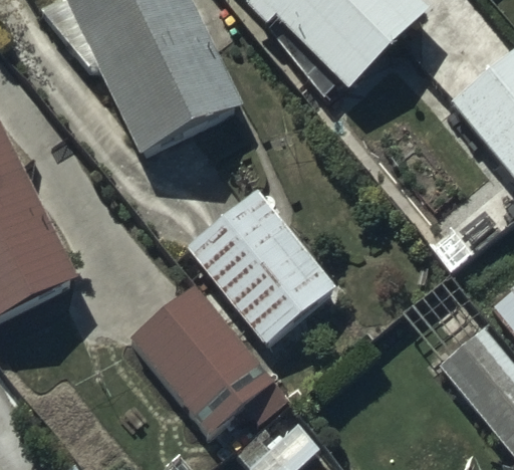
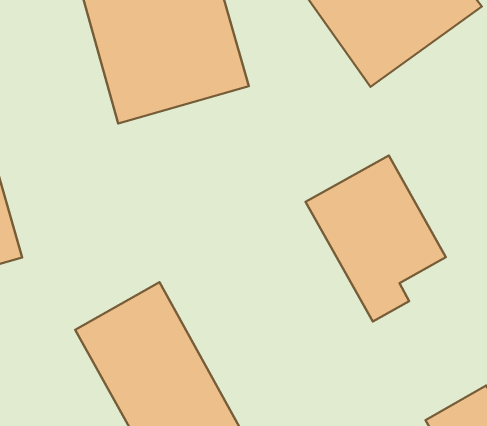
building: none -> [305,155,446,322]
building: [186,189,337,346] -> none

